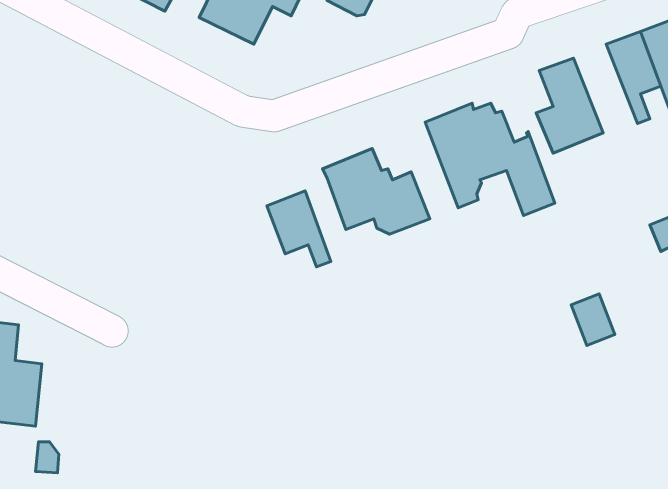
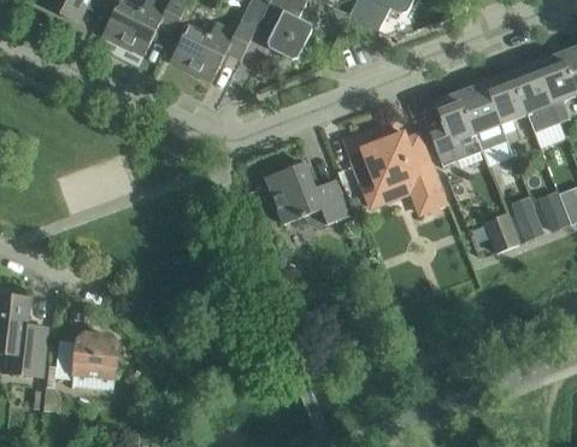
building: none -> [459,80,508,148]
building: [267,191,331,267] -> none
building: [571,294,615,345] -> [484,214,518,254]
building: none -> [55,333,118,389]

